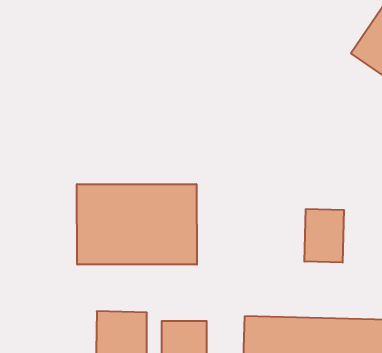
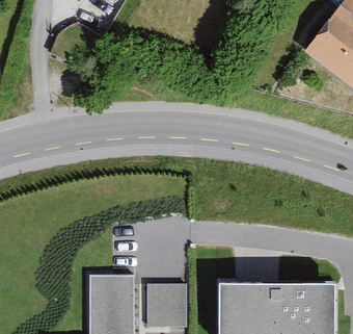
building: [77,184,197,265] -> none
building: [304,209,344,263] -> none

